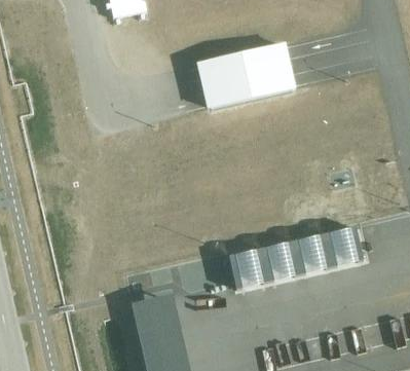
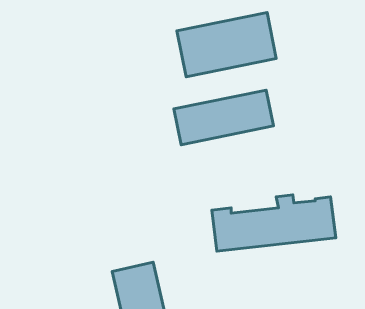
building: none -> [174,90,274,145]

